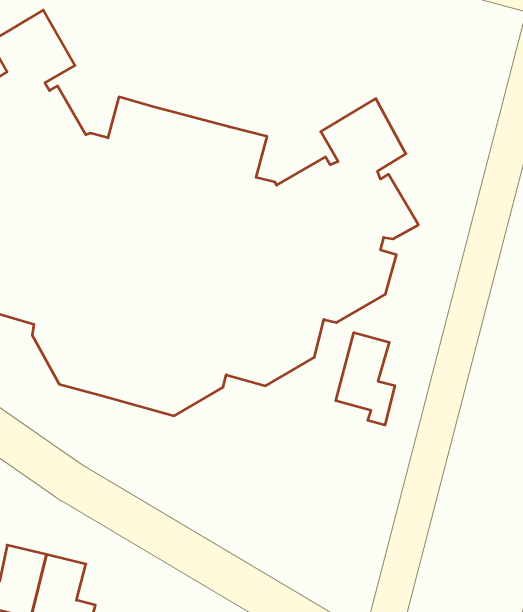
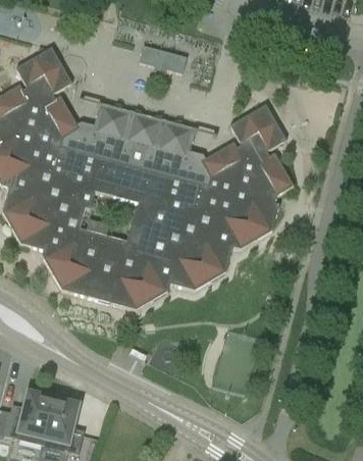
building: none -> [140,44,188,72]
building: [336,333,395,425] -> none

